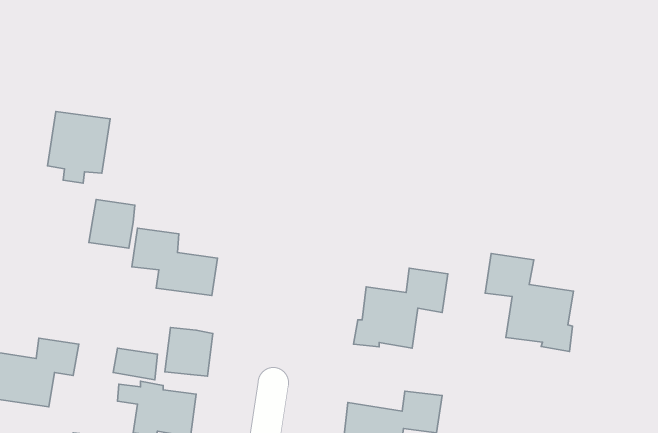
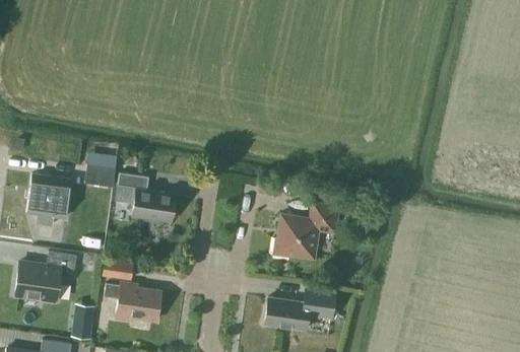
building: [47,112,110,183] -> [26,174,71,225]
building: [485,253,574,352] -> none
building: [165,328,213,376] -> none

